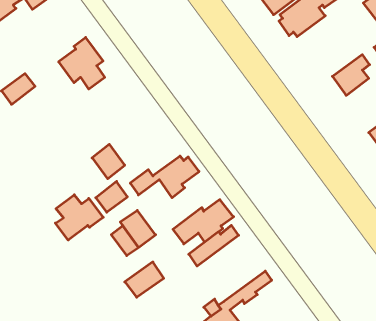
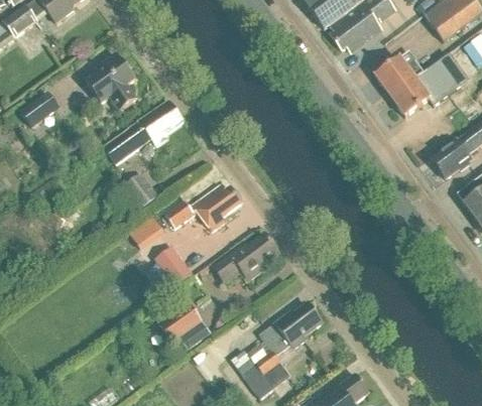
building: none -> [375,55,424,96]
building: none -> [105,100,185,162]
building: [55,195,103,240] -> none
building: [189,225,239,266] -> [260,301,316,347]

